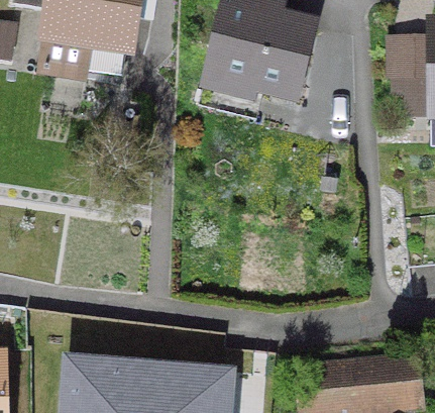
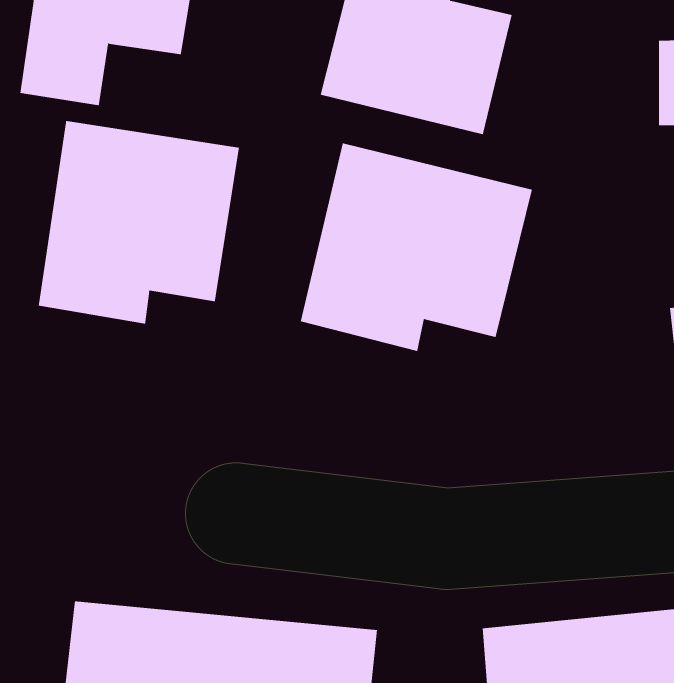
building: none -> [38,120,239,325]
building: none -> [300,143,532,352]

